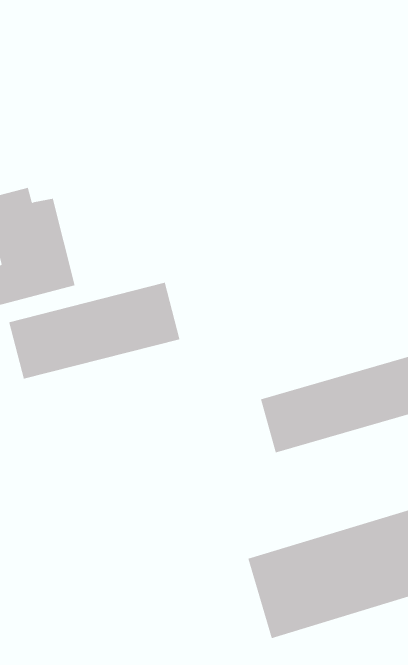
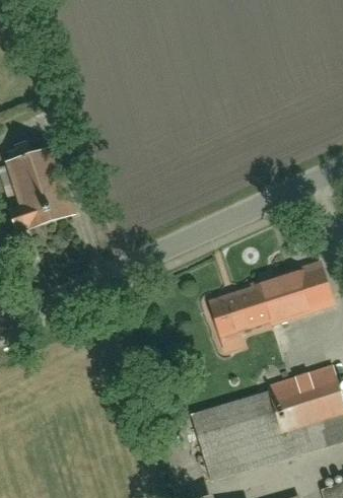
building: [8,282,180,380] -> none

